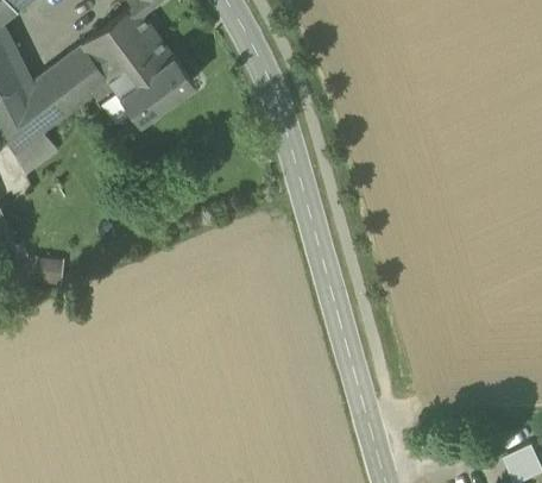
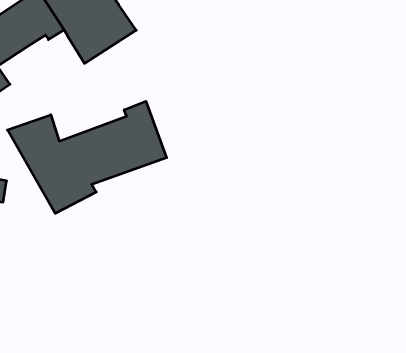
building: none -> [7,101,167,213]

